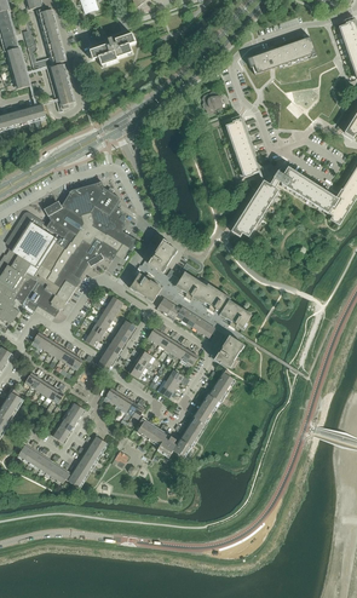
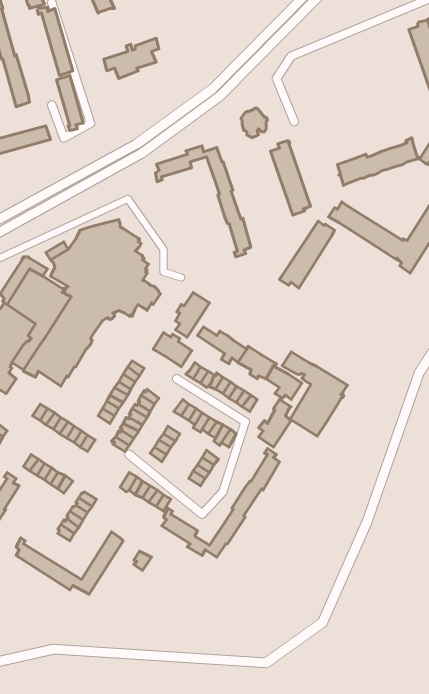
building: [249,35,315,74] -> [337,138,418,185]
building: none -> [155,146,251,257]
building: none -> [282,352,348,436]

